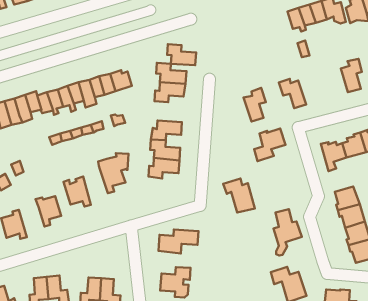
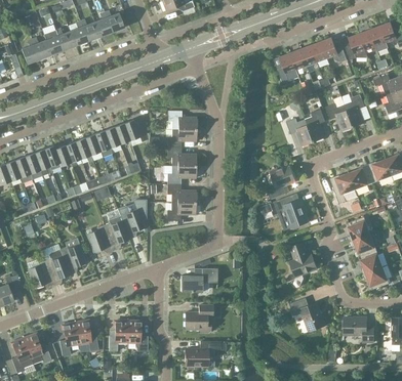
building: none -> [278,53,299,84]
building: [167,44,196,65] -> [168,147,196,166]
building: none -> [326,103,353,131]
building: [243,88,266,121] -> [305,109,326,141]
building: none -> [105,216,129,251]
building: [223,179,255,213] -> [277,195,309,227]
building: none -> [45,249,71,286]

